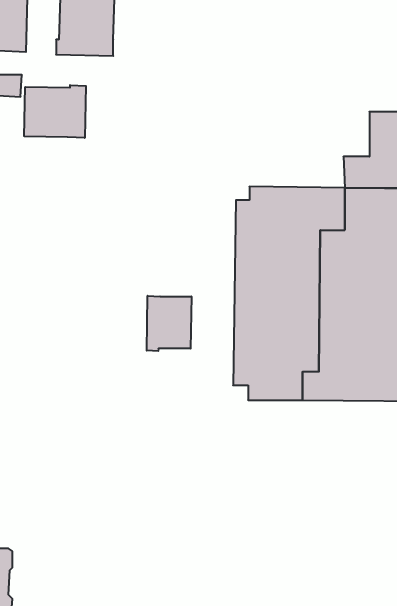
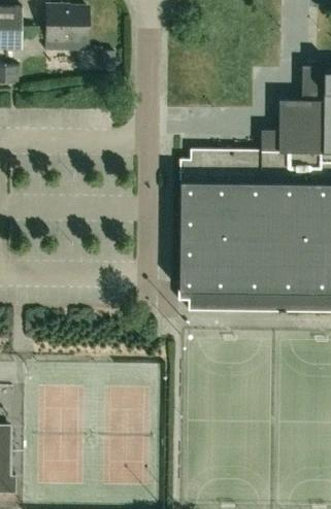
building: [24,85,86,138] -> none
building: [147,296,191,351] -> none

